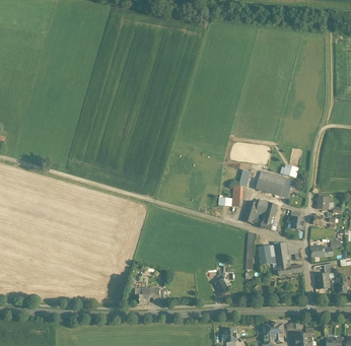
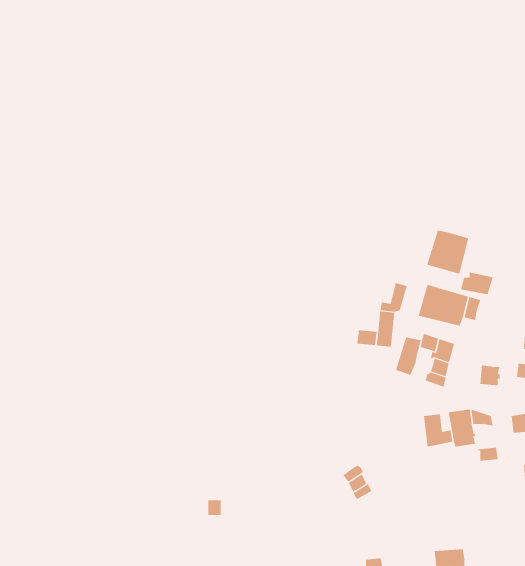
building: none -> [426,230,469,274]

